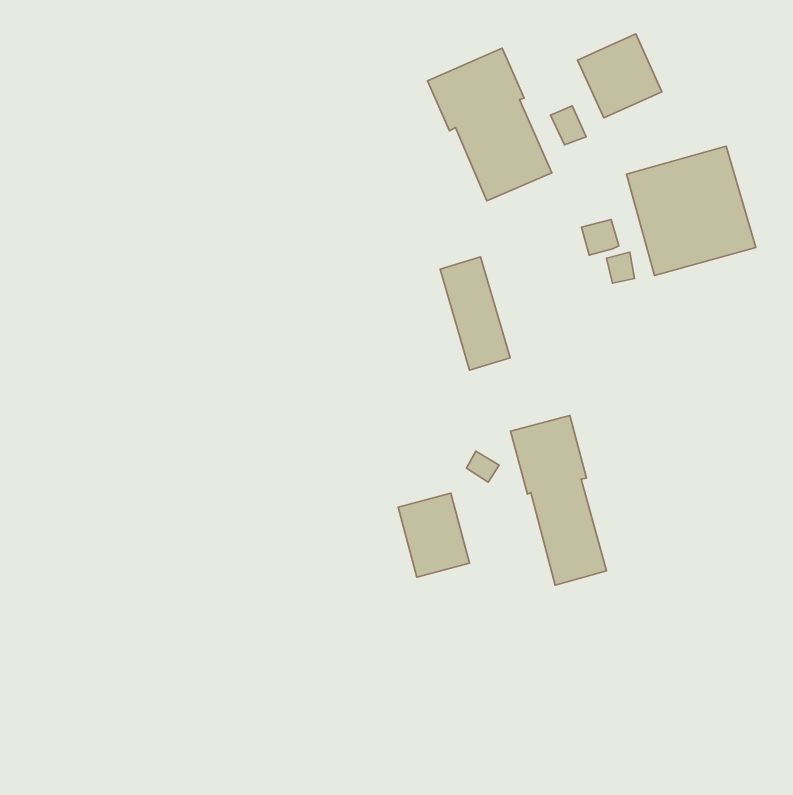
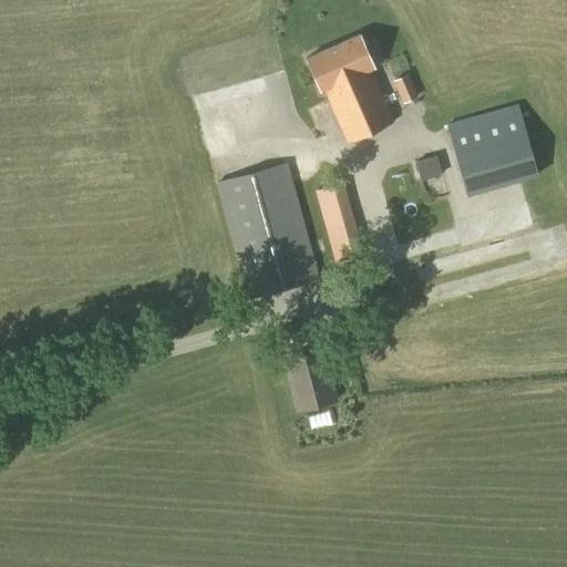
building: [578,34,662,118] -> none
building: none -> [215,163,320,300]
building: [511,415,606,585] -> none

